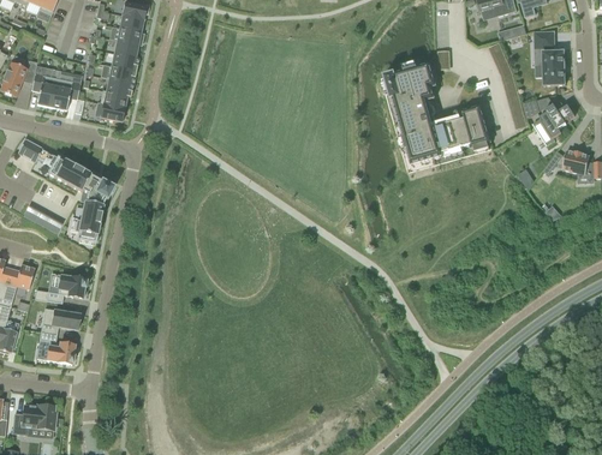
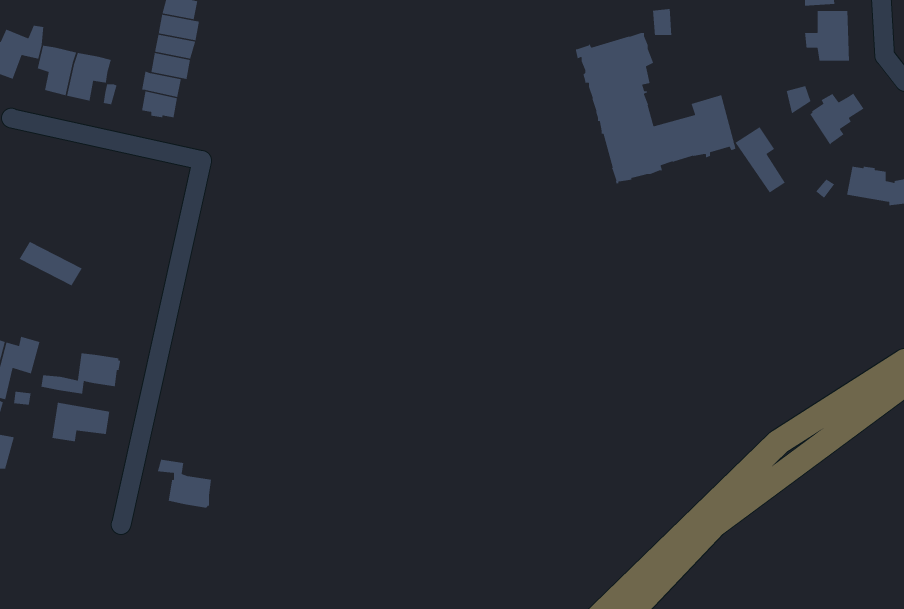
building: none -> [735,126,786,194]
building: [17,137,114,241] -> none
building: [38,330,74,363] -> [157,459,212,508]
building: [12,402,55,433] -> none

